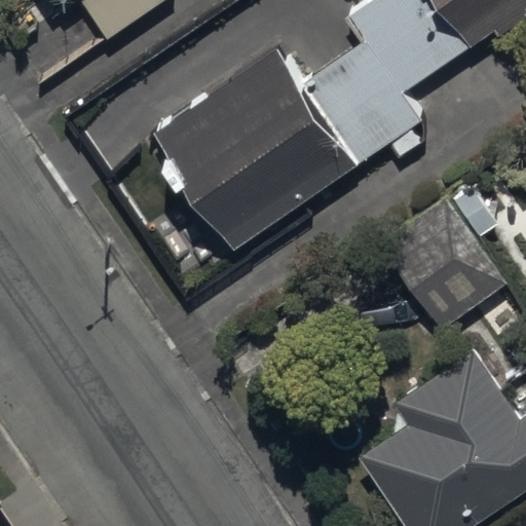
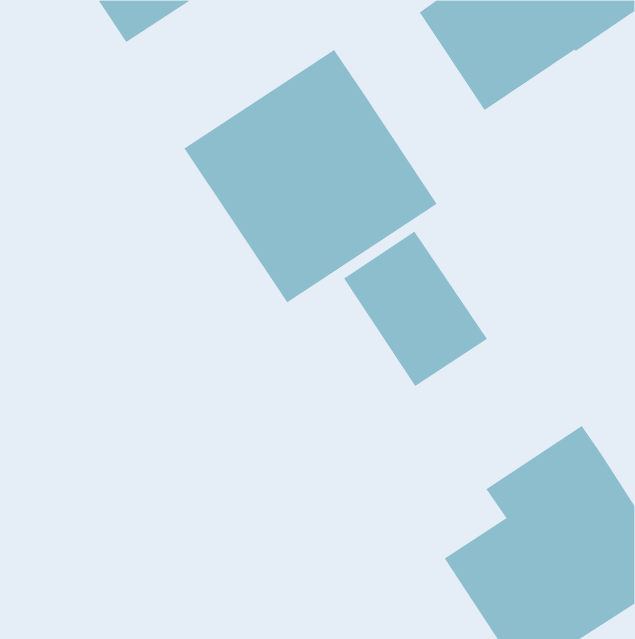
building: [299,41,419,170] -> none
building: [385,200,503,328] -> [343,231,488,387]

